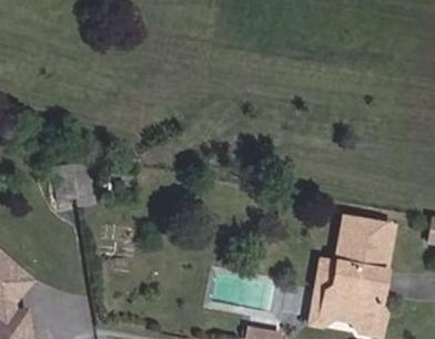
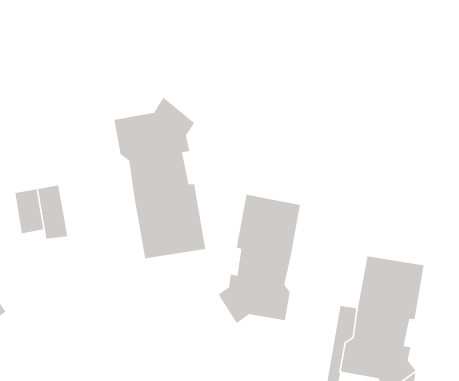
building: none -> [113,96,206,259]
building: none -> [217,194,301,324]

